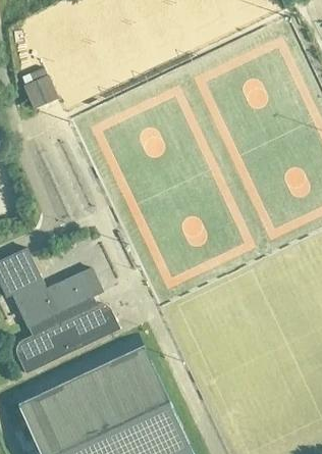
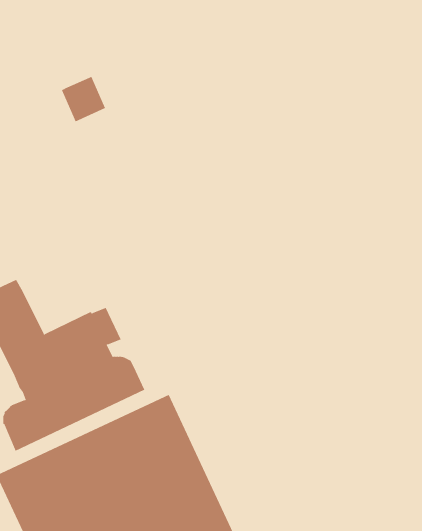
building: [23,75,56,109] -> [61,76,106,122]

